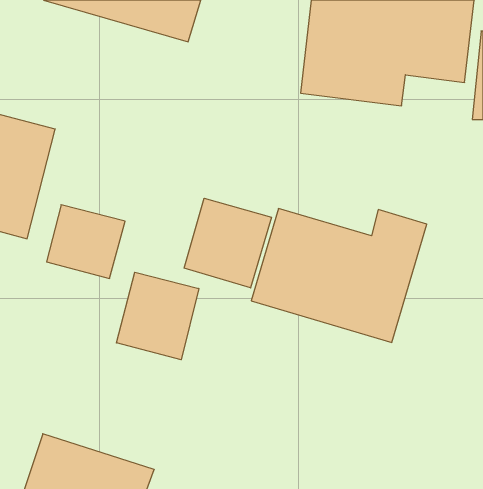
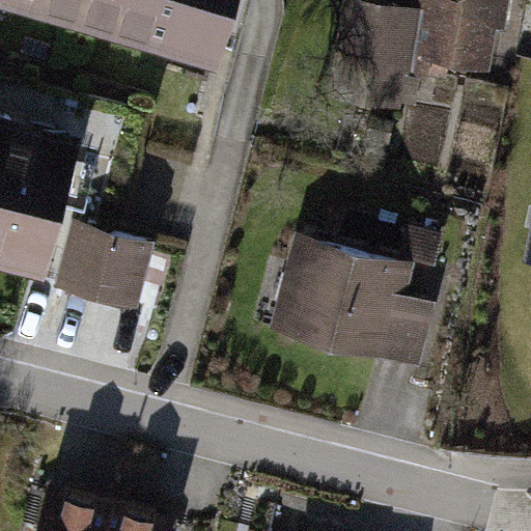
building: [184,198,271,288] -> none
building: [116,272,199,360] -> none

